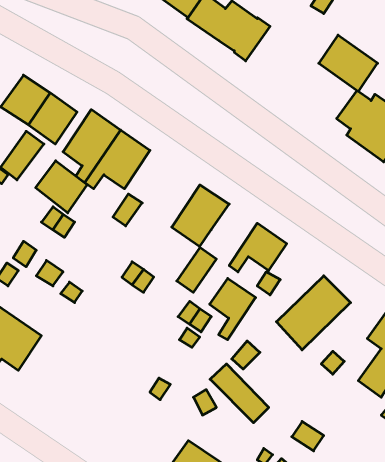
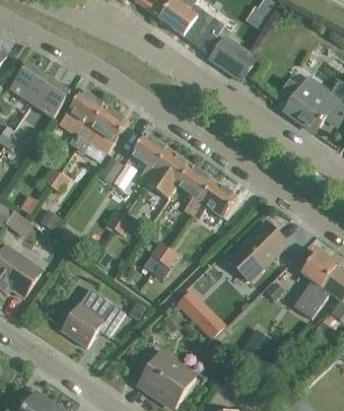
building: [319,35,378,91] -> [209,36,256,80]
building: [36,161,87,213] -> none
building: none -> [131,133,167,183]
building: [210,278,256,340] -> [177,164,213,213]
building: none -> [60,288,125,347]

